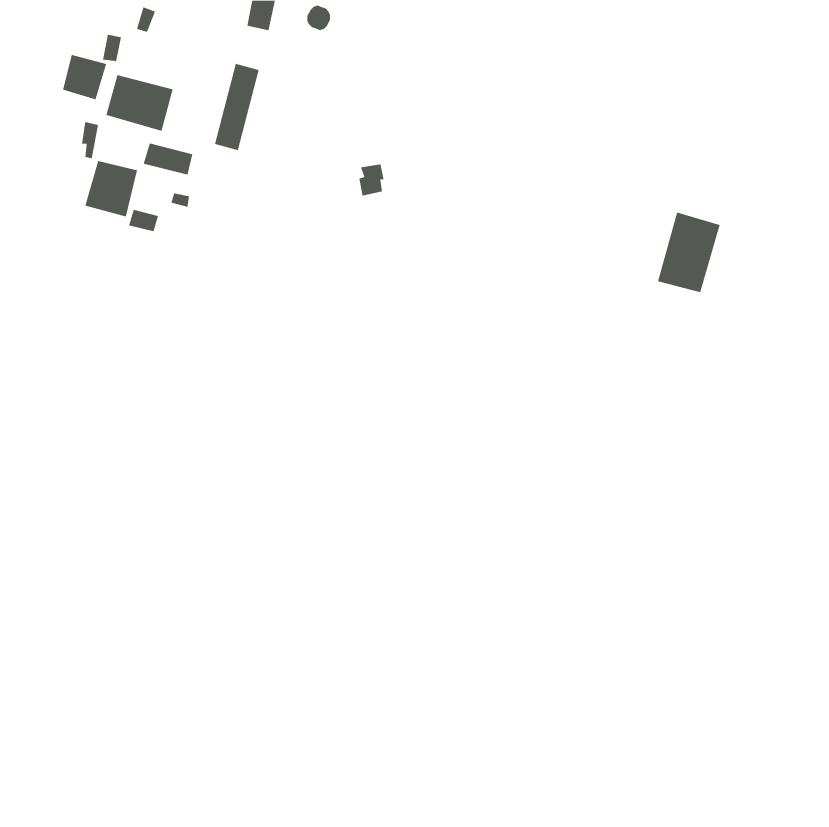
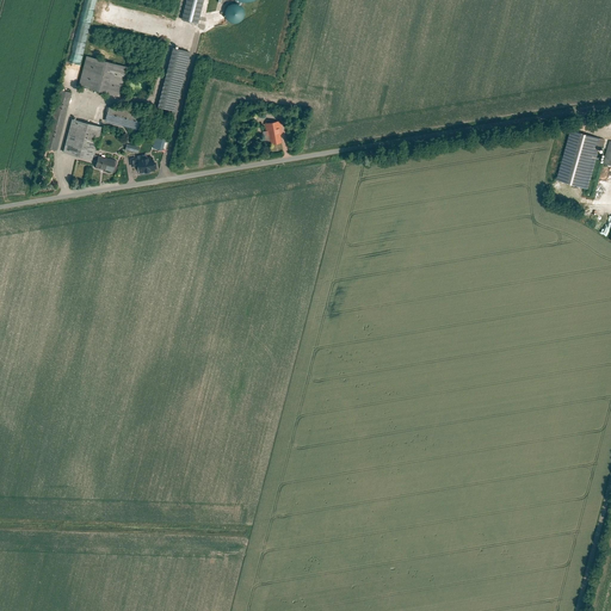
building: [62,54,107,100] -> none
building: [657,212,720,293] -> [556,130,603,190]

